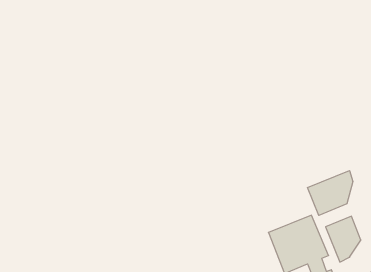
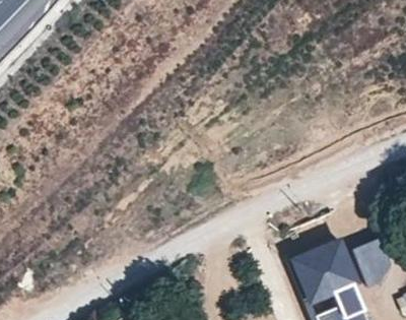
building: [308,171,353,215] -> none

